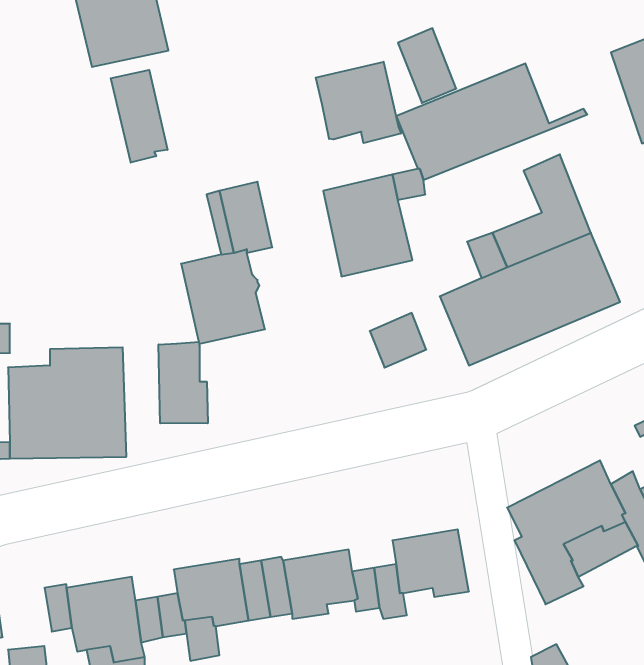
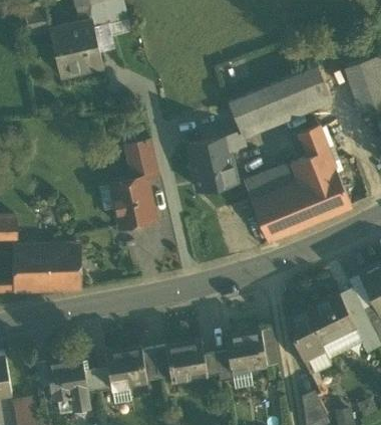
building: [398,28,456,103] -> [299,66,331,108]
building: [316,62,401,143] -> none
building: [111,70,167,163] -> none
building: [370,313,426,368] -> [244,173,275,203]
building: [159,342,208,423] -> none

